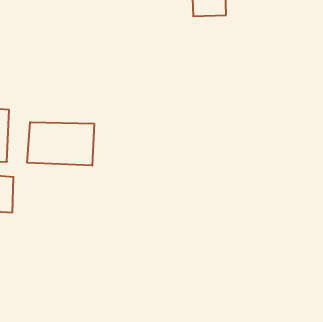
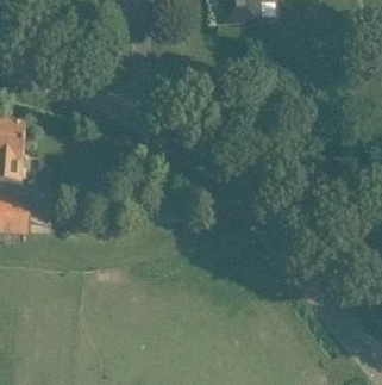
building: [27,122,94,166] -> none

